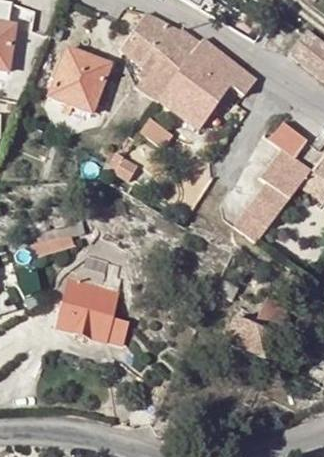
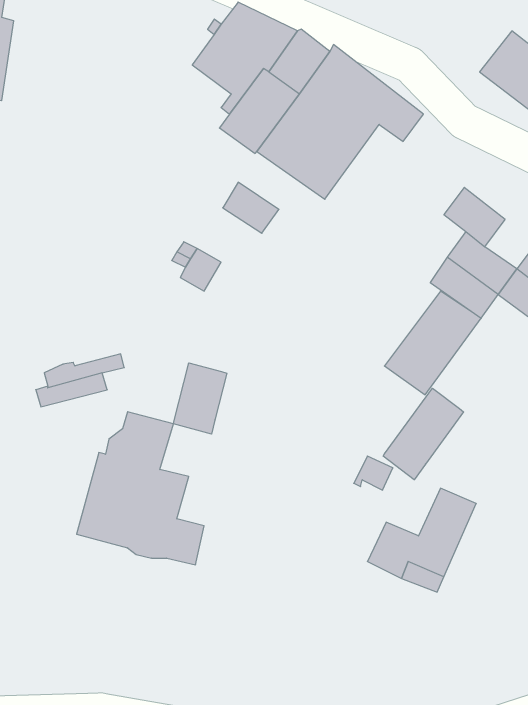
building: [48,46,111,113] -> none
building: none -> [174,363,227,434]
building: none -> [383,388,464,480]

